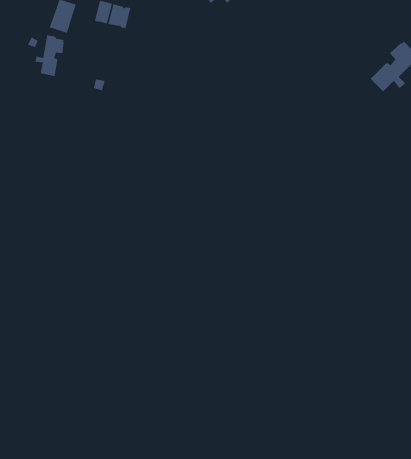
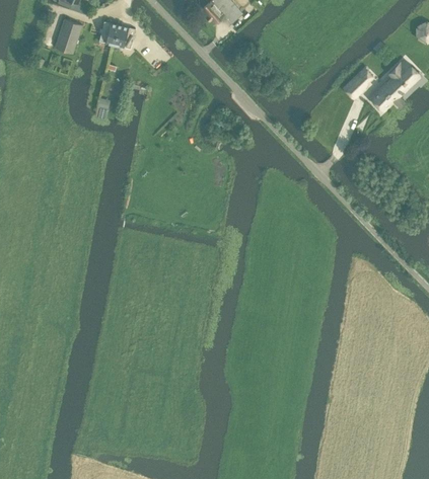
building: [35,34,64,77] -> none
building: none -> [340,65,371,98]

